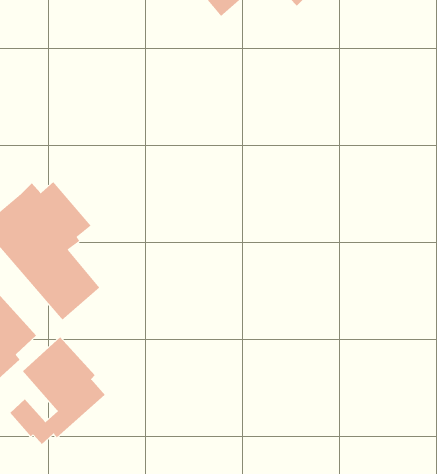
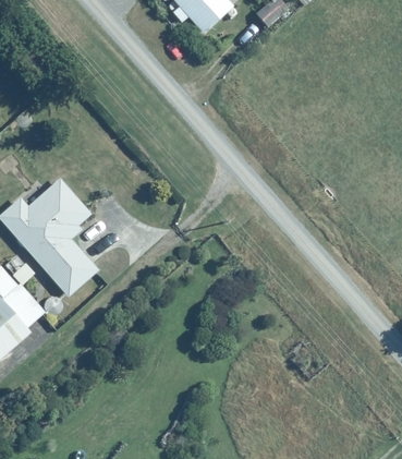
building: [9,336,105,445] -> none

